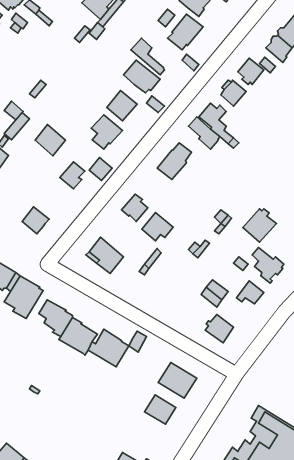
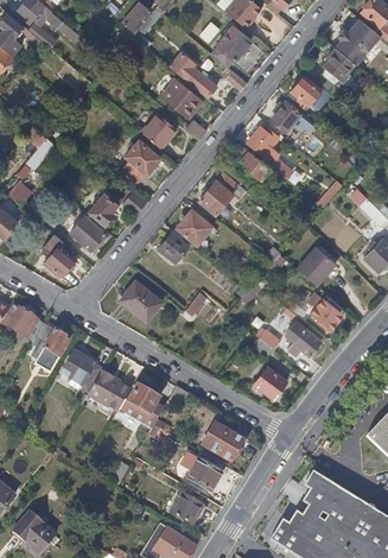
building: [35,125,65,156] -> [70,215,104,251]
building: [142,212,173,241] -> [177,209,212,241]
building: none -> [170,492,202,524]

